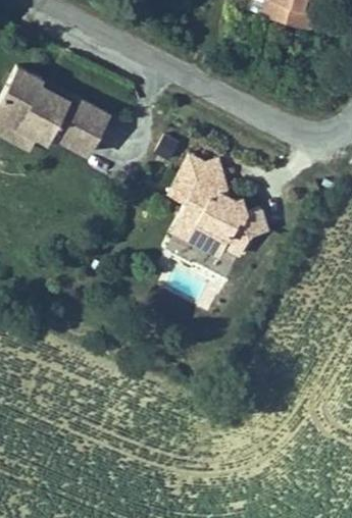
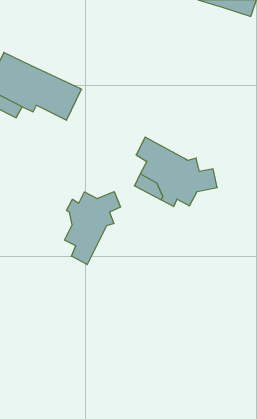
building: [182,155,234,198] -> none
building: none -> [65,192,120,265]

